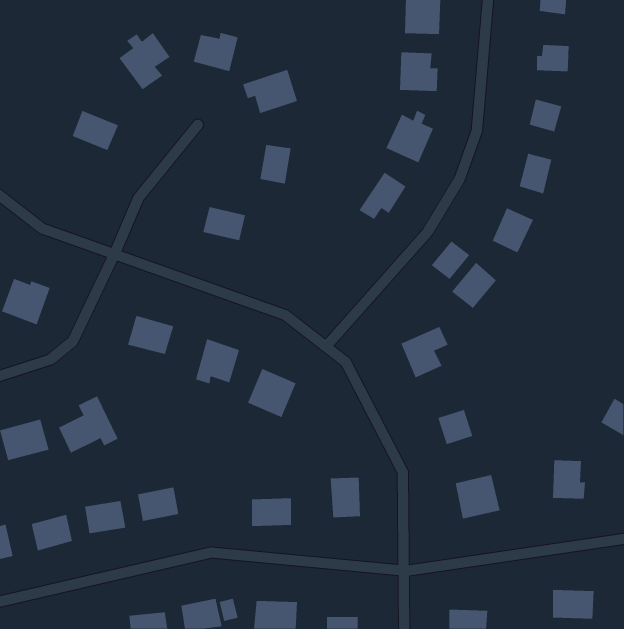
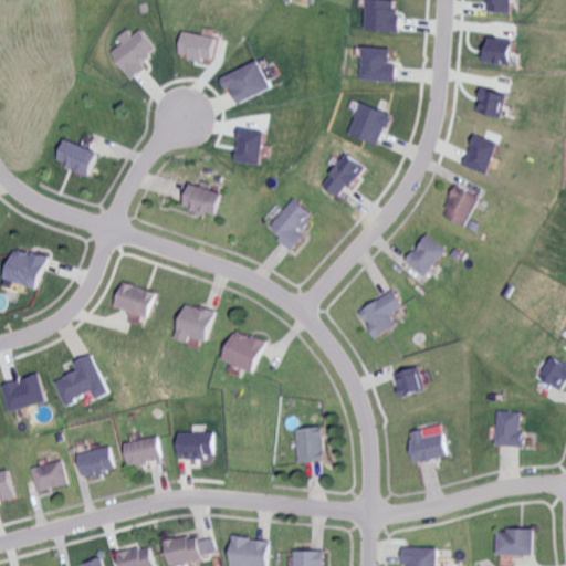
building: [72,110,119,151] -> [52,139,94,176]
building: none -> [265,198,311,251]
building: [431,241,470,280] -> none
building: [251,498,292,526] -> [176,432,212,458]

